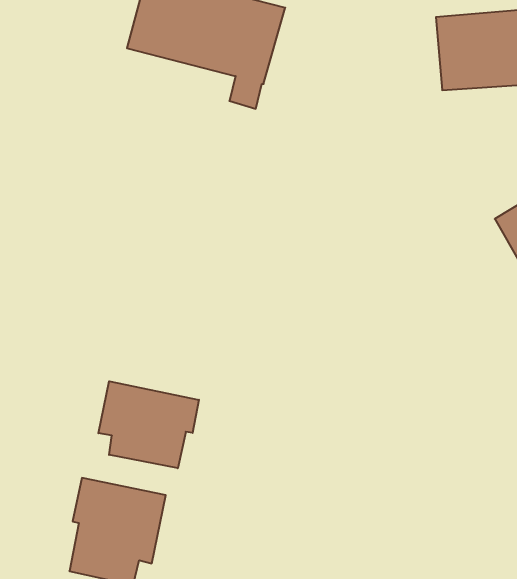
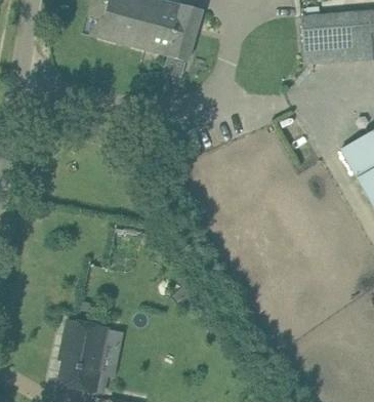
building: [98,381,199,468] -> none

